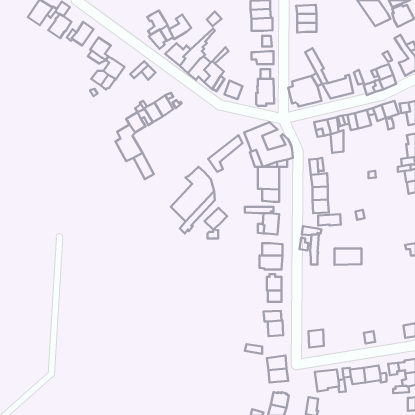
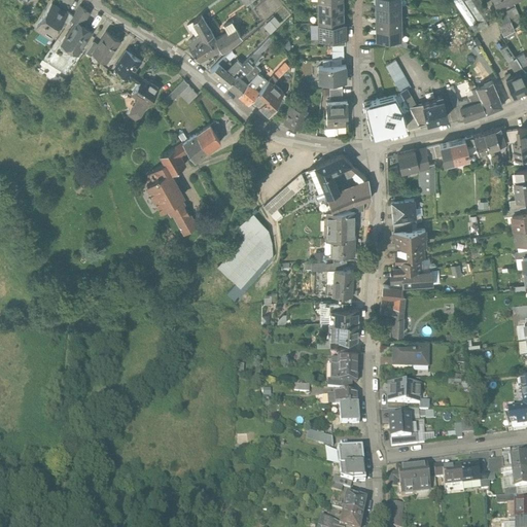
building: [205,208,227,229] -> none
building: [335,249,361,265] -> [394,348,428,368]
building: none -> [388,386,421,405]

